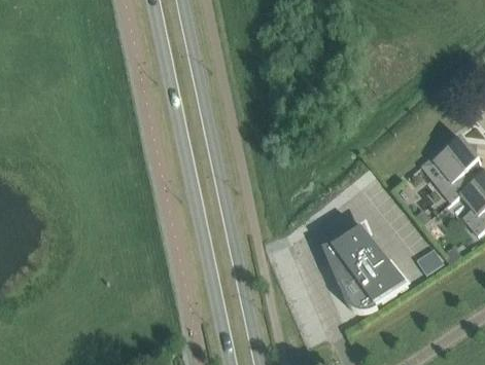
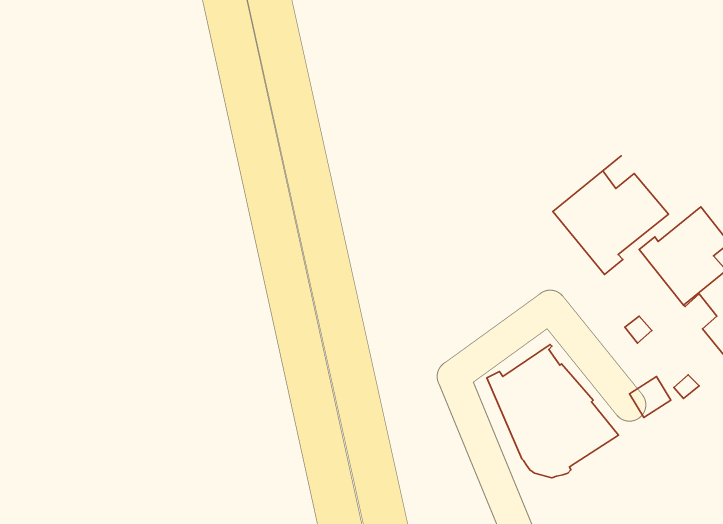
building: none -> [553,156,668,274]

